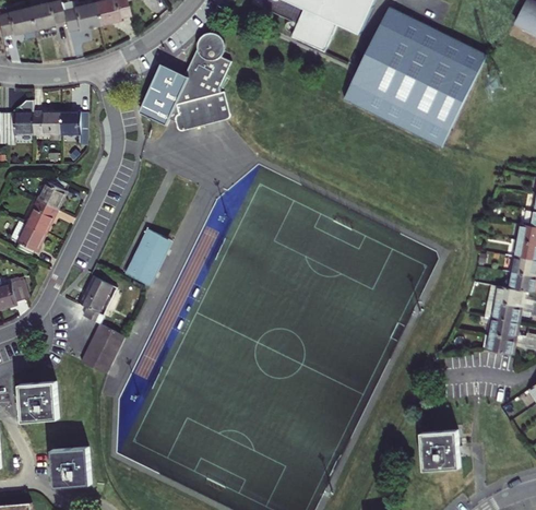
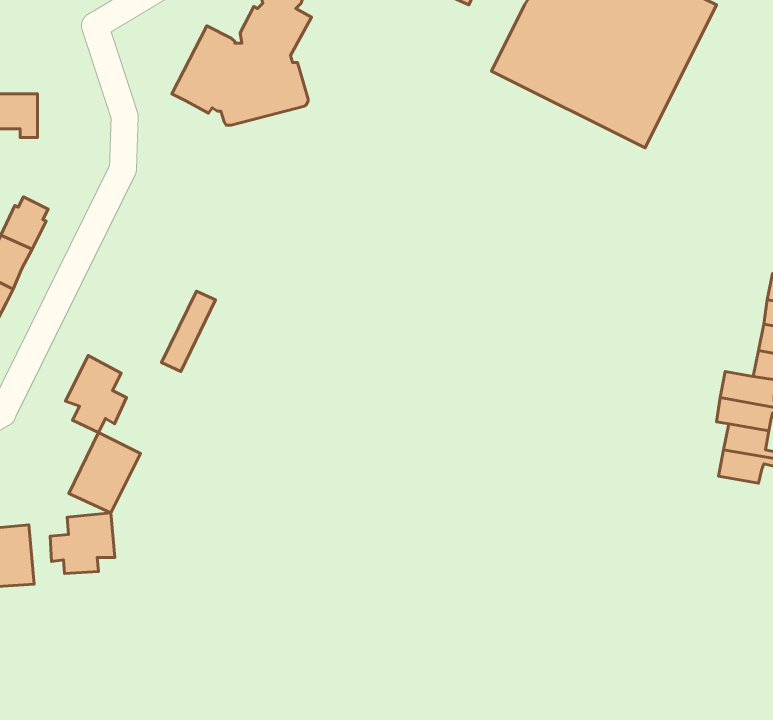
building: [60,111,87,143] -> none
building: [123,227,159,280] -> none
building: none -> [50,513,115,574]
building: [420,430,460,470] -> none
building: [51,447,91,487] -> none

